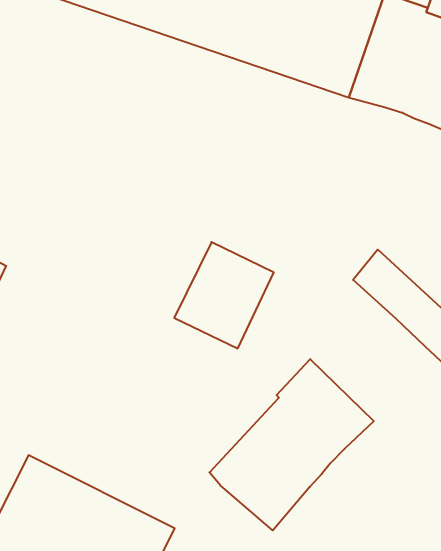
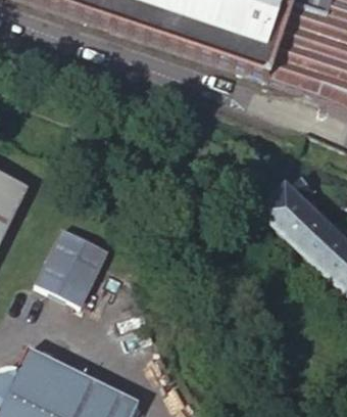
building: [174,242,274,348] -> [36,226,109,305]
building: [209,359,374,530] -> none

